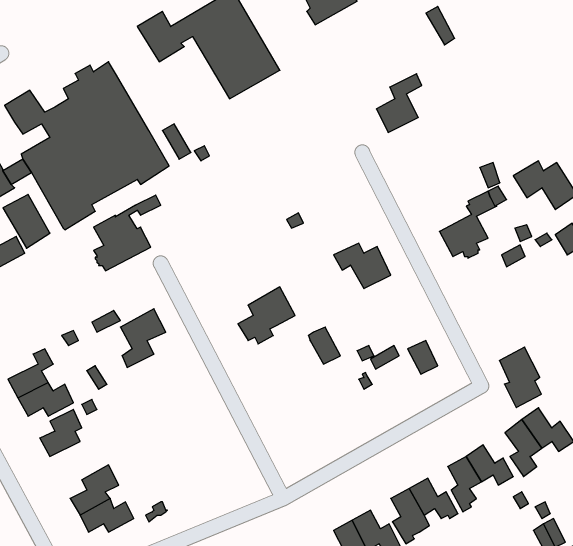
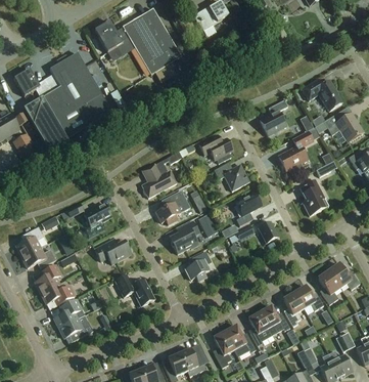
building: [376,74,422,132] -> [260,98,287,134]
building: none -> [302,78,341,110]
building: [94,195,161,271] -> [141,151,182,197]
building: none -> [198,134,232,163]
building: none -> [235,192,262,225]
building: none -> [171,220,198,253]
building: [499,347,541,408] -> [299,178,325,215]
building: none -> [94,241,131,263]
building: none -> [185,250,212,282]
building: none -> [114,273,154,305]
building: none -> [41,283,75,303]

